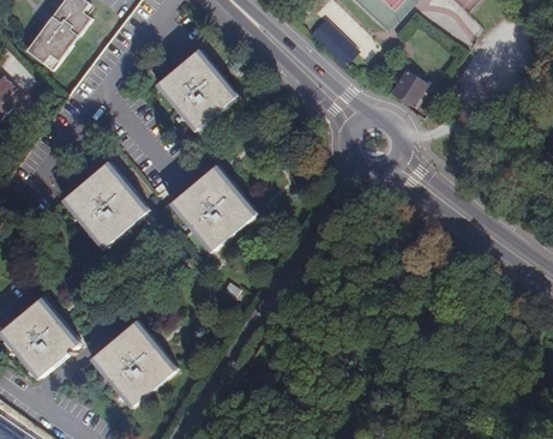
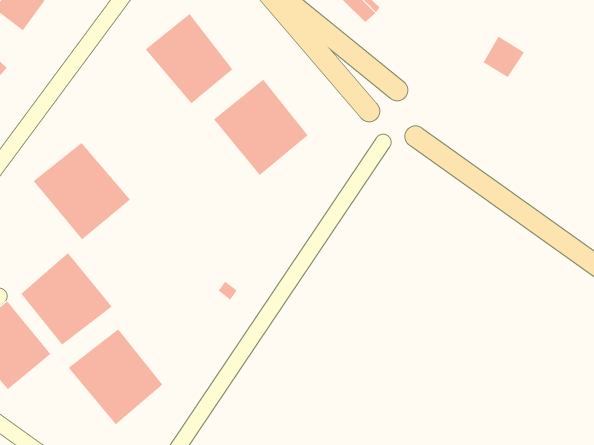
building: [393,71,429,107] -> [483,36,525,78]
building: [172,169,253,252] -> [213,79,309,176]
building: none -> [20,252,112,346]

